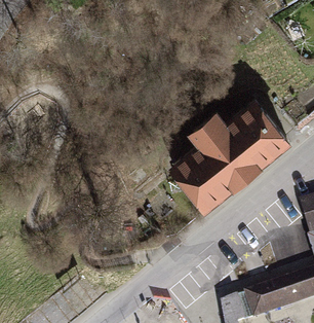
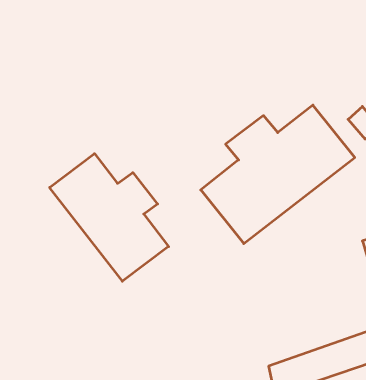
building: none -> [50,154,169,281]

